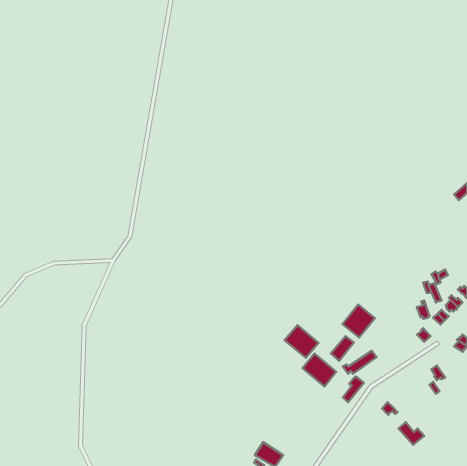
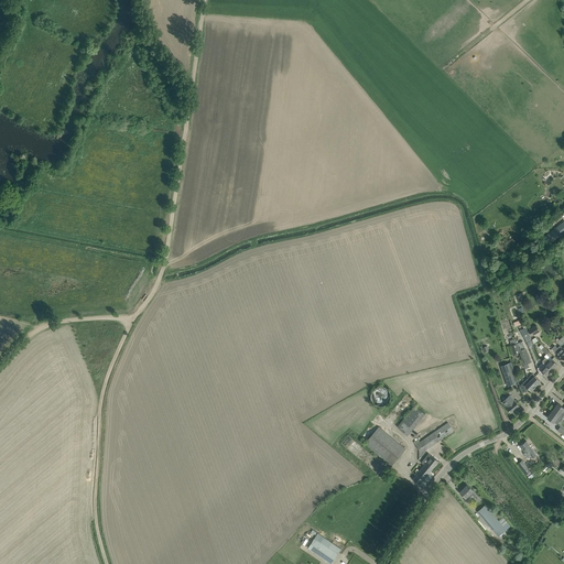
building: [342,304,375,338] -> none
building: [285,325,319,358] -> none

